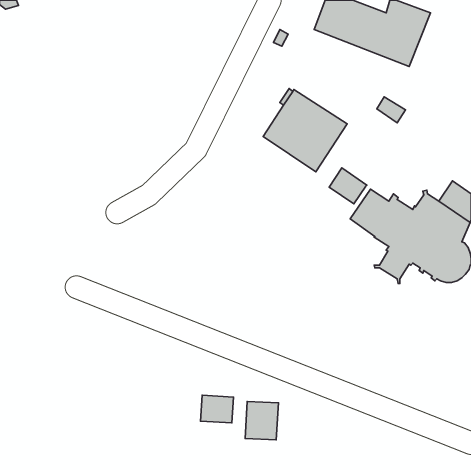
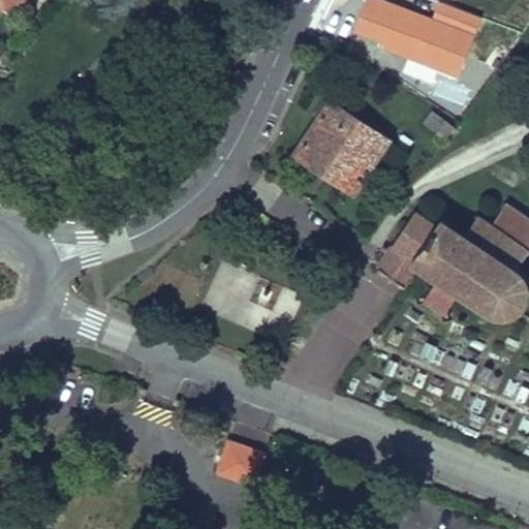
building: [329,168,367,204] -> [377,247,419,287]
building: [245,401,278,440] -> none

